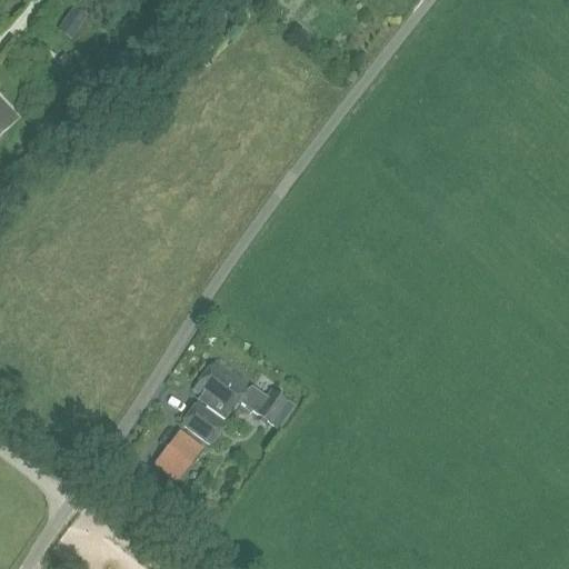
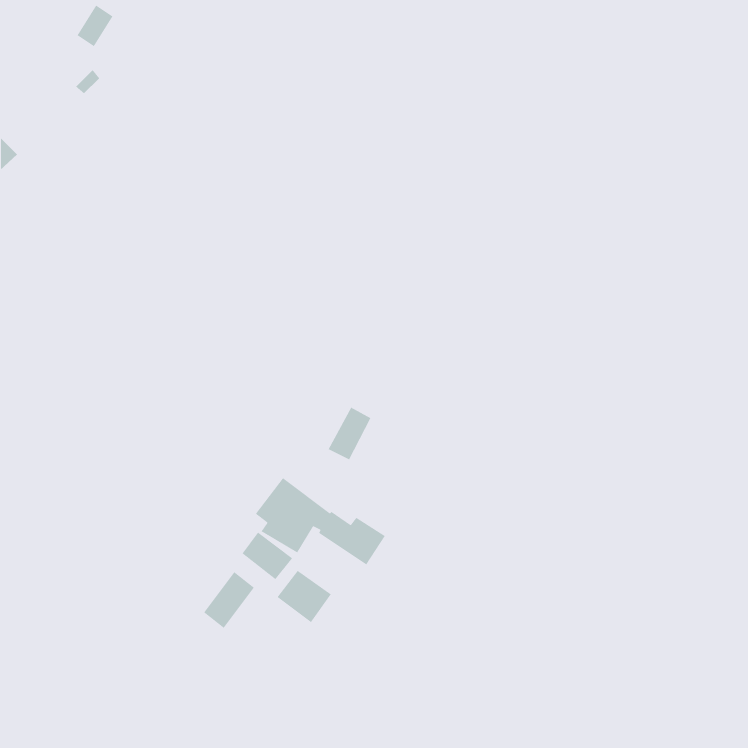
building: none -> [328,406,372,460]
building: none -> [277,570,332,623]

